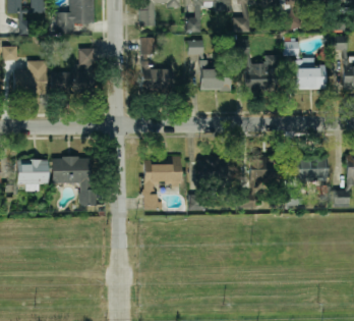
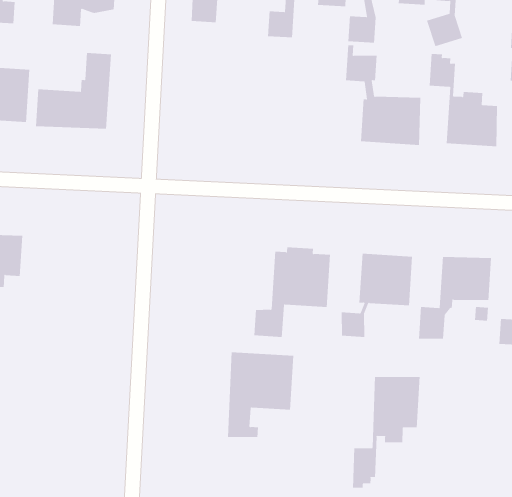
building: [140,38,171,88] -> none
building: [188,41,231,92] -> none
building: [52,157,97,207] -> none
building: [143,159,181,210] -> [227,352,294,437]
building: none -> [352,376,420,489]

